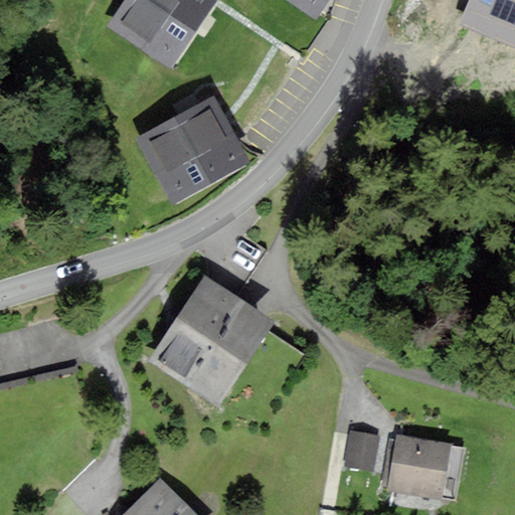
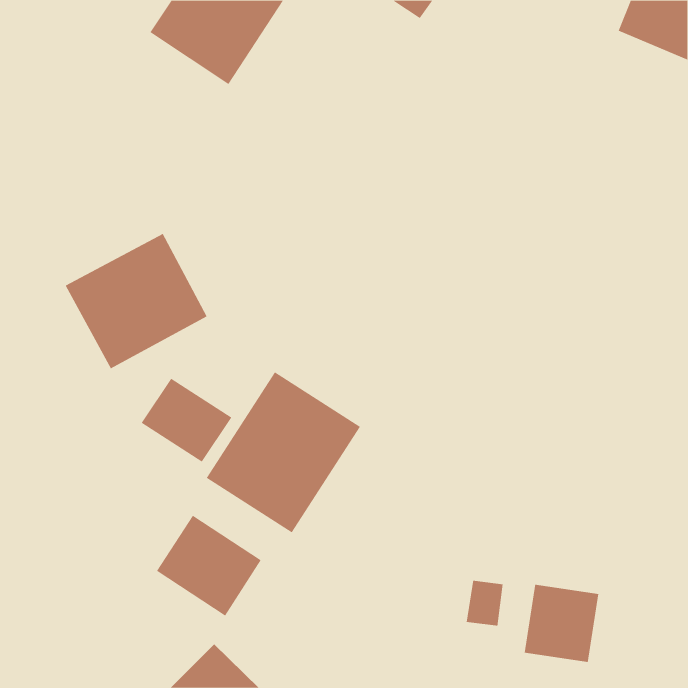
building: [140,98,246,199] -> [65,233,207,369]
building: none -> [141,378,232,463]
building: none -> [156,515,262,616]

